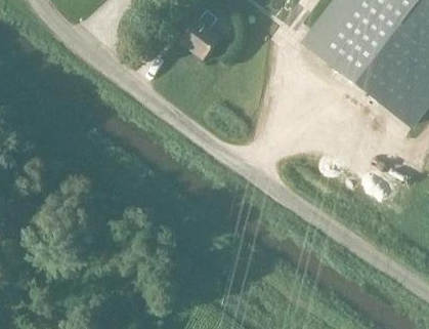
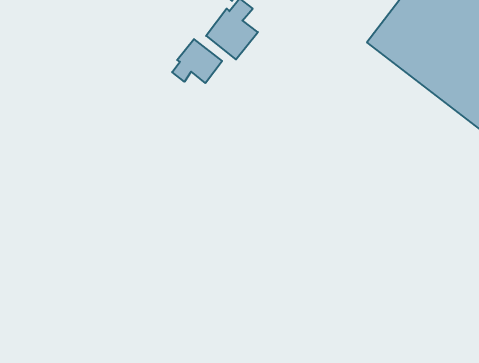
building: none -> [172,39,222,83]

